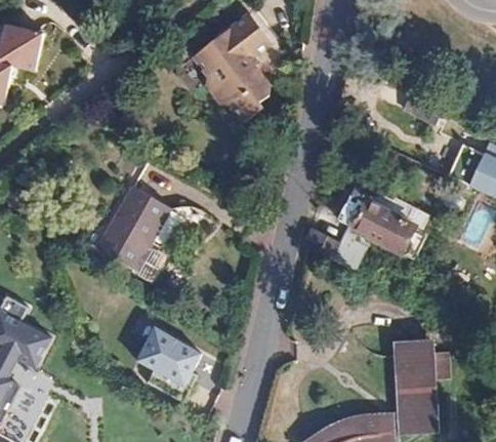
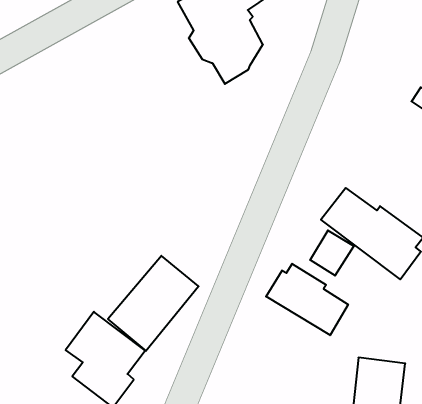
building: [98,190,172,274] -> [108,256,199,351]
building: none -> [266,264,348,335]

